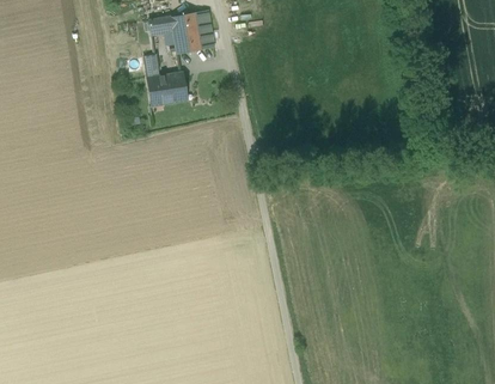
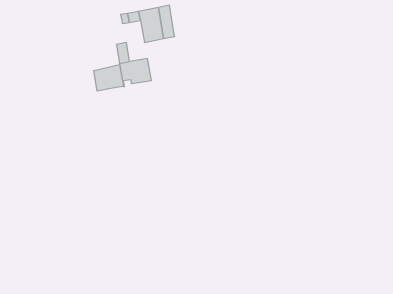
building: none -> [94,65,123,91]

